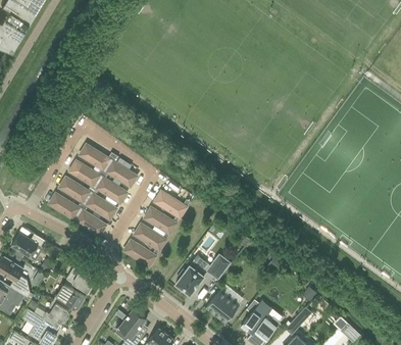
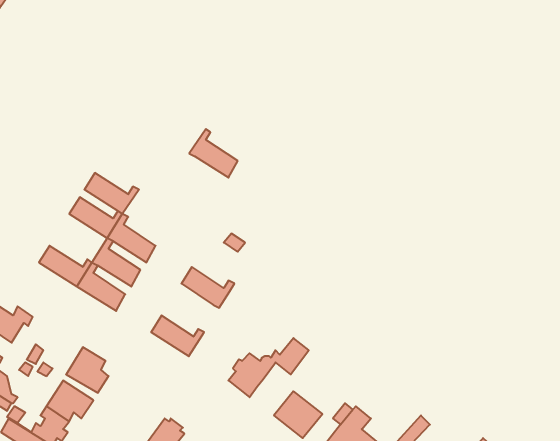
building: [104,155,137,188] -> [189,129,238,178]
building: [58,177,94,204] -> none
building: [154,191,190,218] -> none
building: [134,224,169,251] -> none

